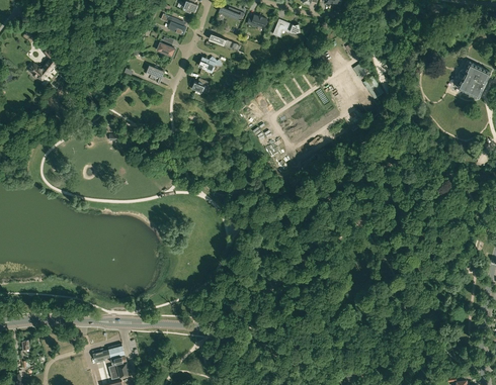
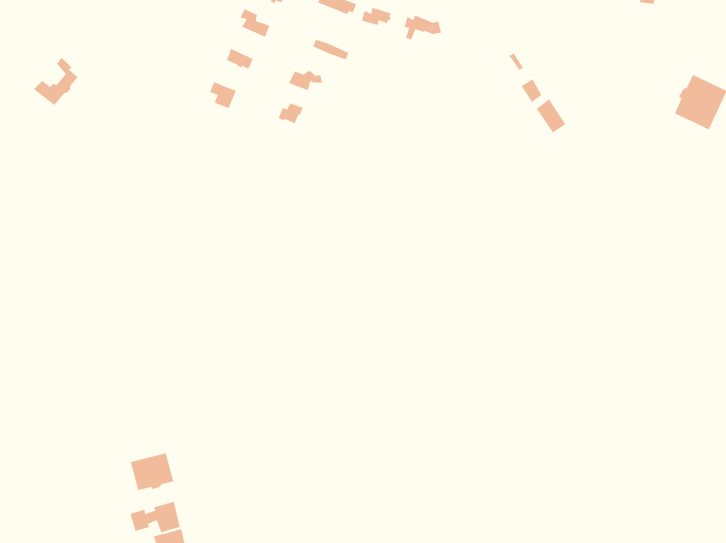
building: none -> [130,452,174,491]

